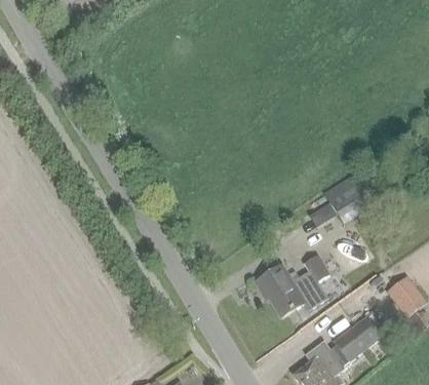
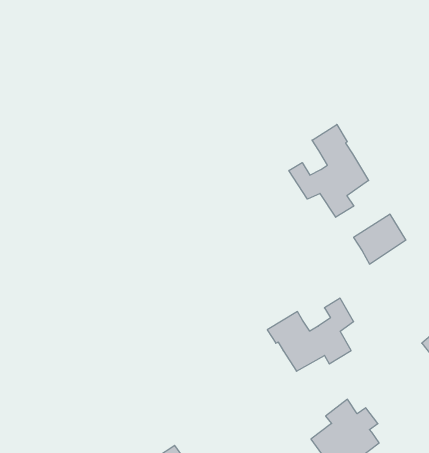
building: none -> [289,124,369,217]
building: [334,315,382,359] -> none

